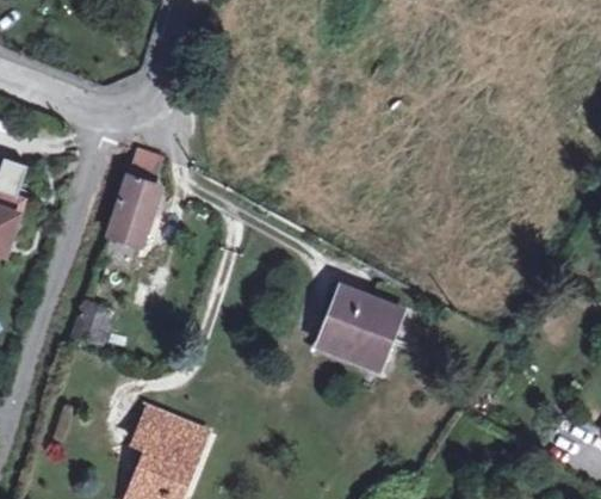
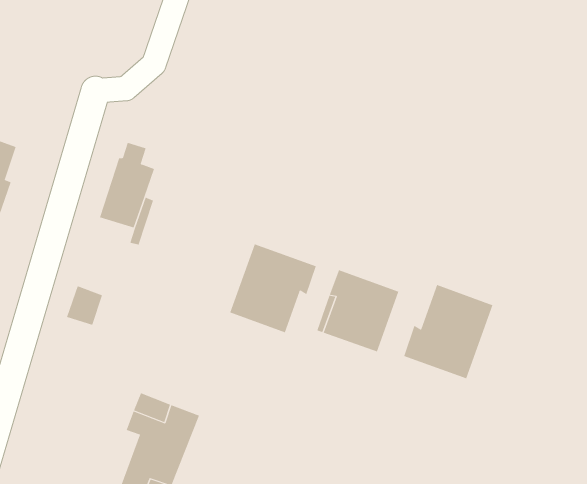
building: none -> [230,243,317,333]
building: none -> [403,284,493,379]

